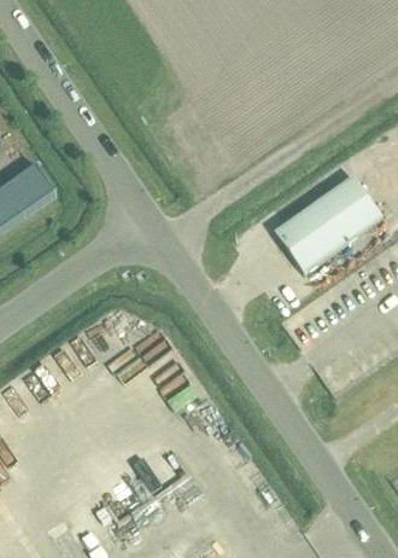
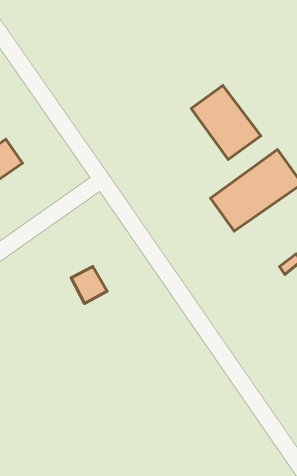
building: none -> [191,86,261,160]

